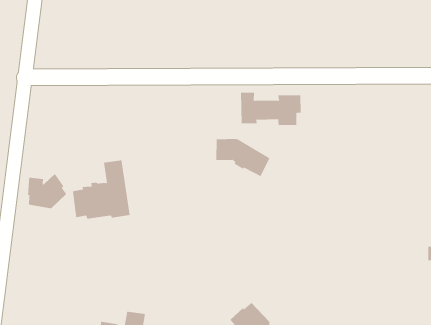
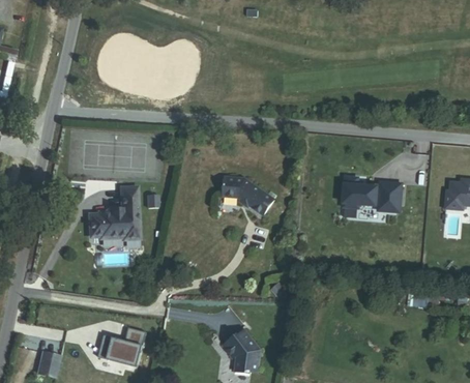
building: [240,92,302,126] -> [346,177,404,212]
building: [28,173,67,209] -> none

